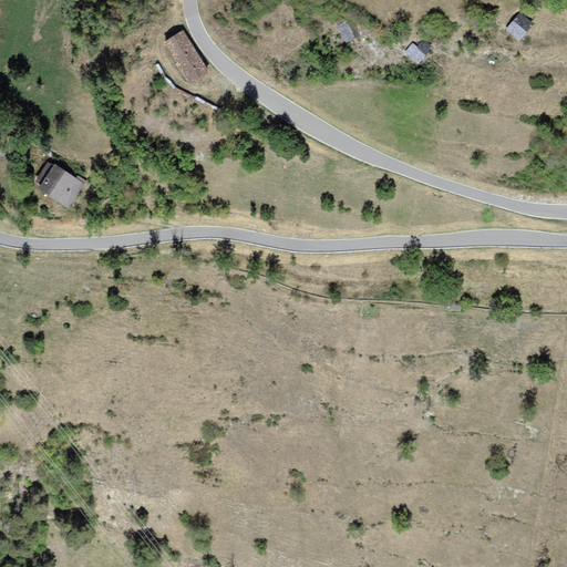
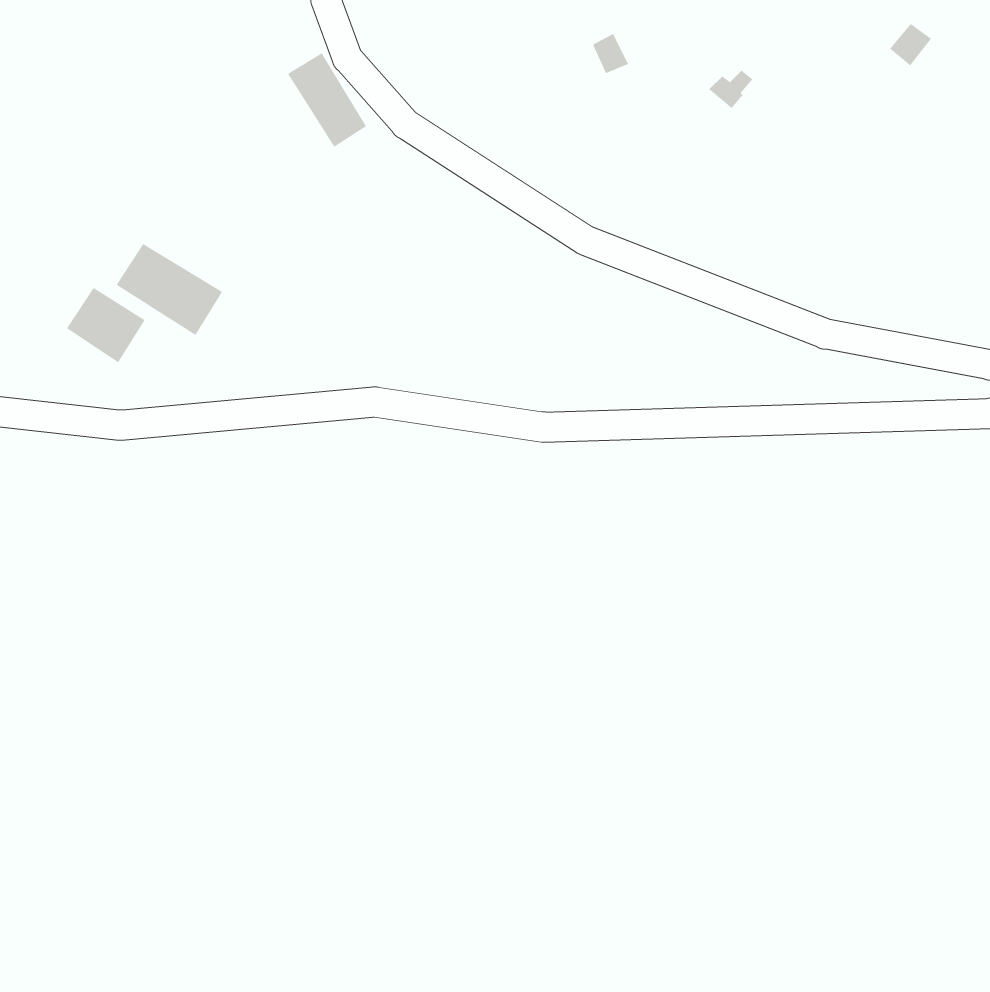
building: none -> [116,243,223,336]

